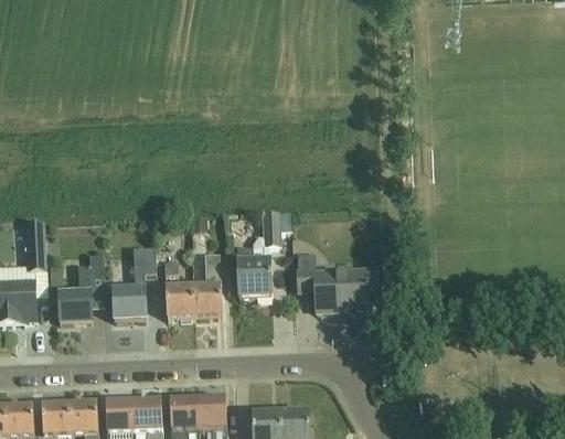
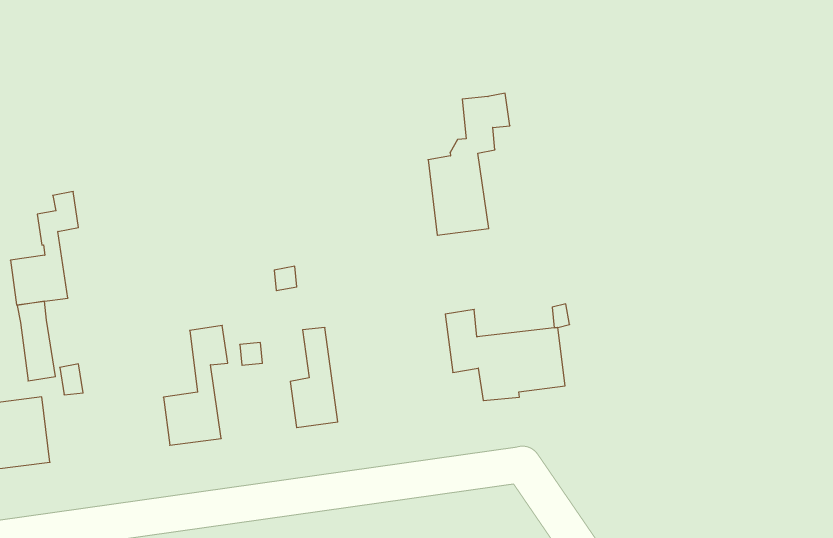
building: [237,210,291,296] -> [428,93,510,235]
building: [58,253,104,321] -> [10,192,78,305]
building: [166,286,195,317] -> none

